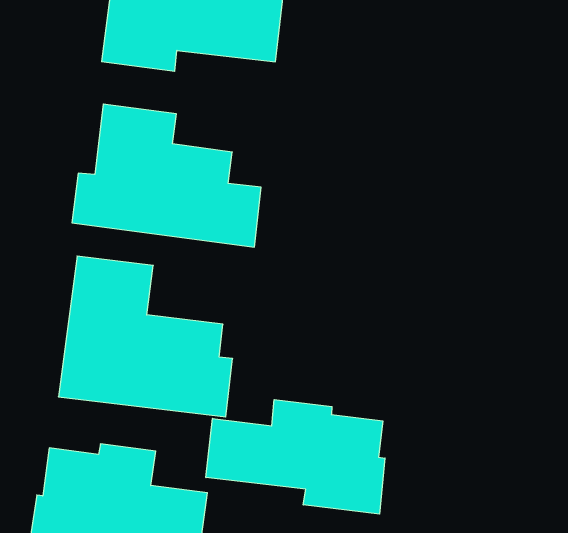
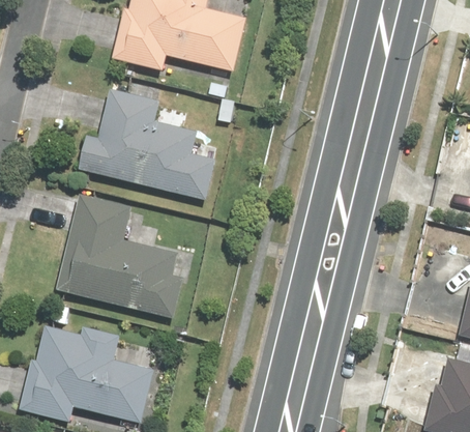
building: [206,400,385,514] -> none

